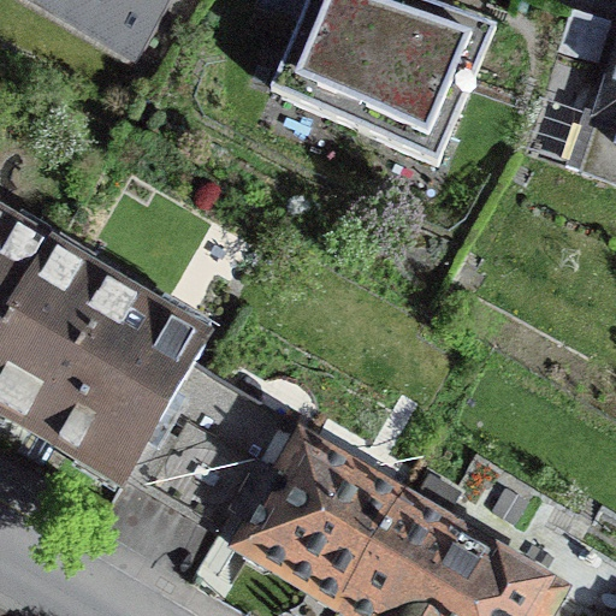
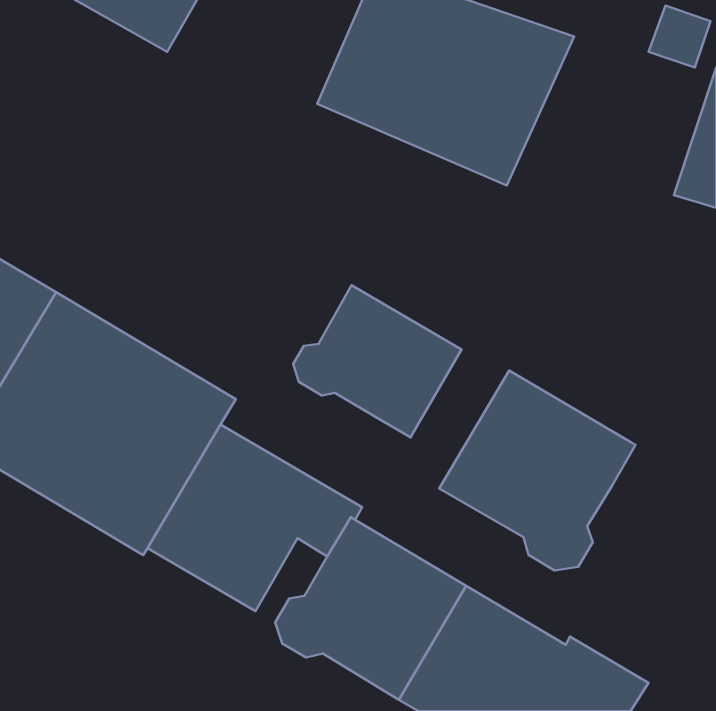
building: none -> [293,285,462,437]
building: none -> [439,371,636,570]

